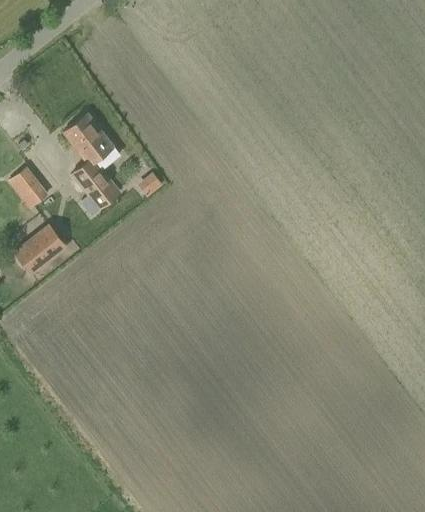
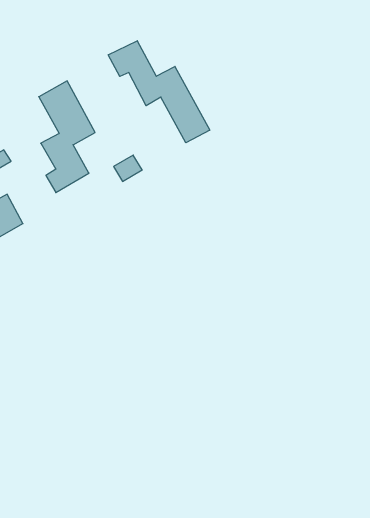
building: none -> [108,41,210,143]

